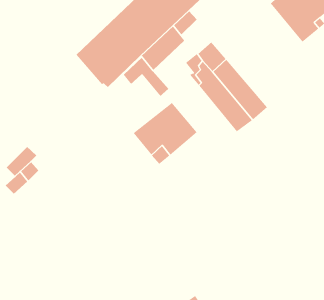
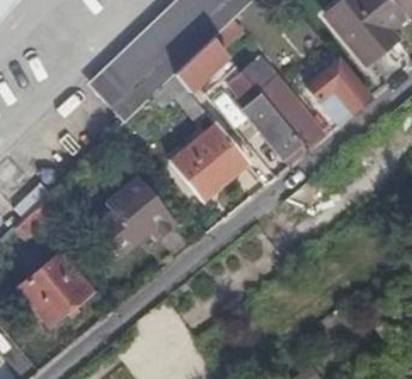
building: none -> [307,60,371,124]
building: none -> [97,174,180,254]
building: none -> [19,254,91,324]

